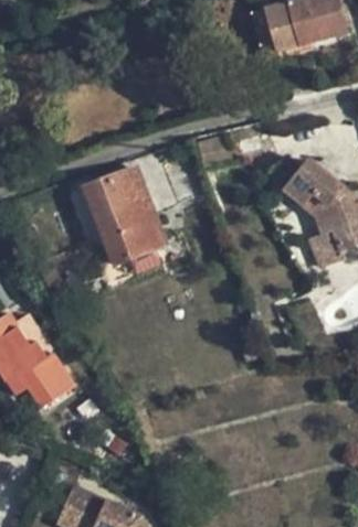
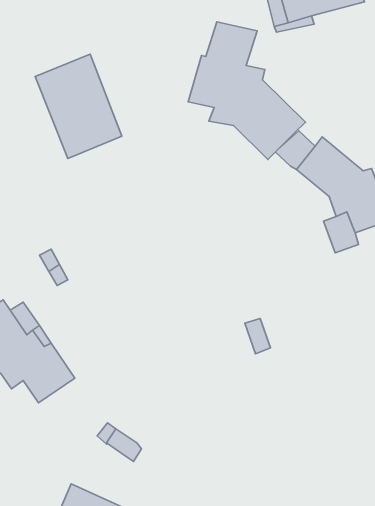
building: none -> [188,22,306,160]
building: [82,166,164,265] -> [35,54,122,158]

